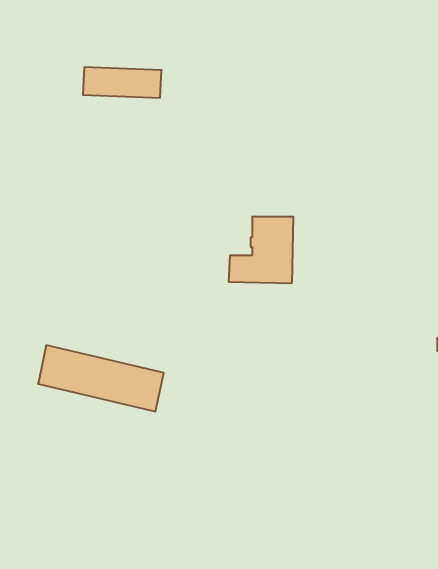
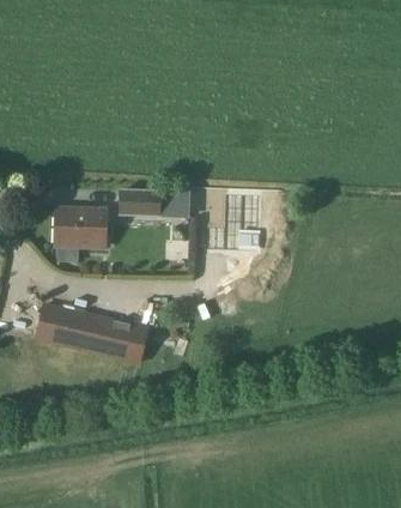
building: [83,67,162,98] -> [121,189,189,216]
building: none -> [56,207,107,248]

